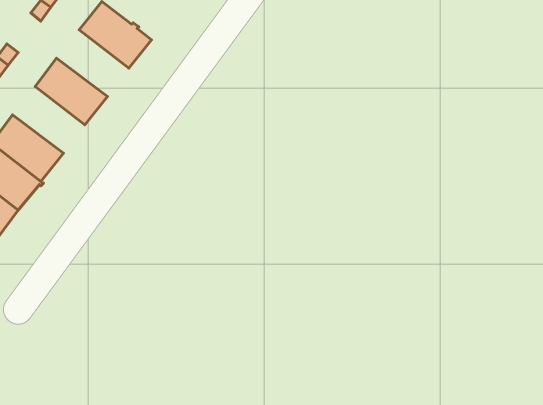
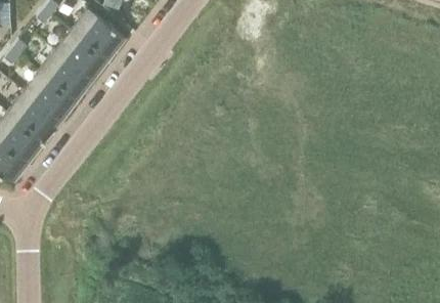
building: none -> [54,31,106,79]
building: none -> [23,72,75,120]

